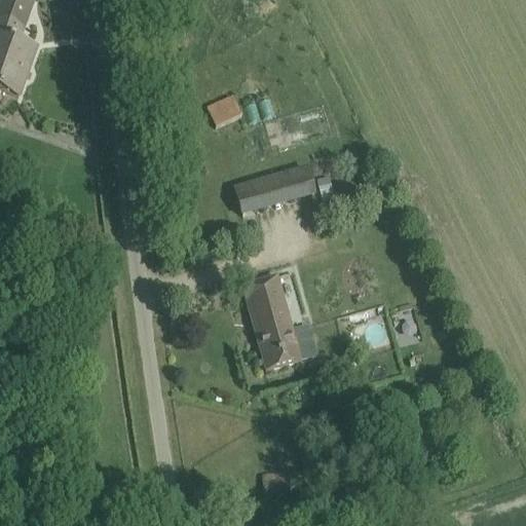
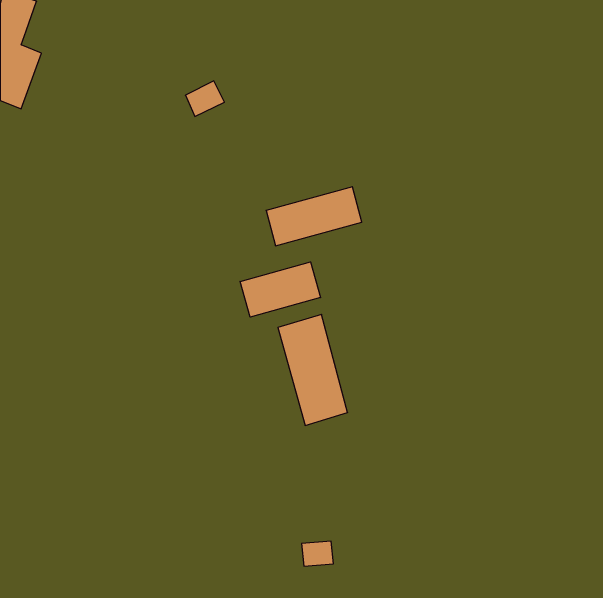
building: [209,95,242,125] -> [185,81,224,116]
building: none -> [240,262,321,317]

